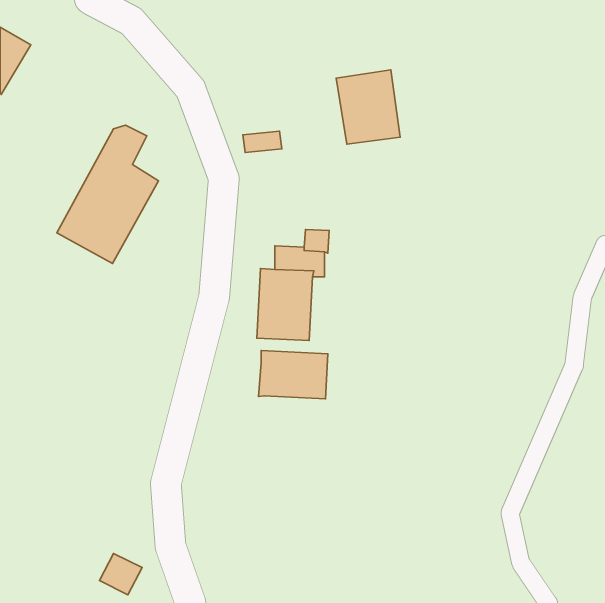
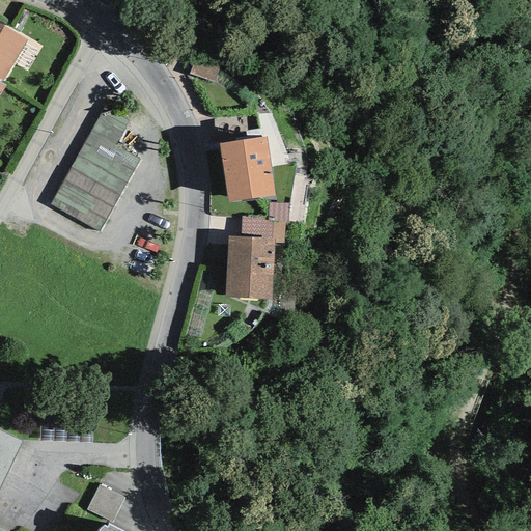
building: [336,70,400,144] -> [219,136,275,201]
building: [259,351,328,399] -> none

